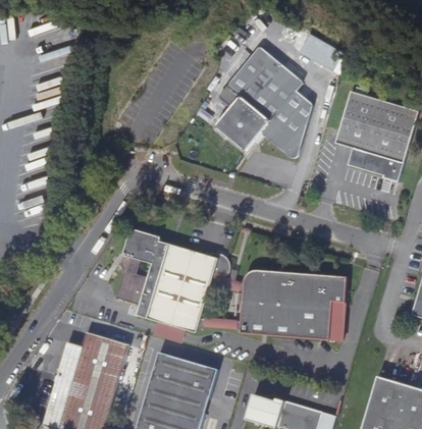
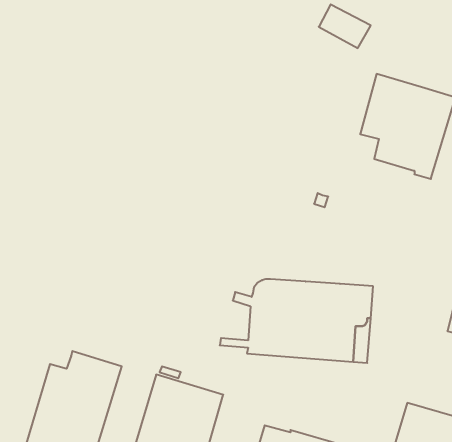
building: [218,48,313,158] -> none
building: [116,227,230,331] -> none

